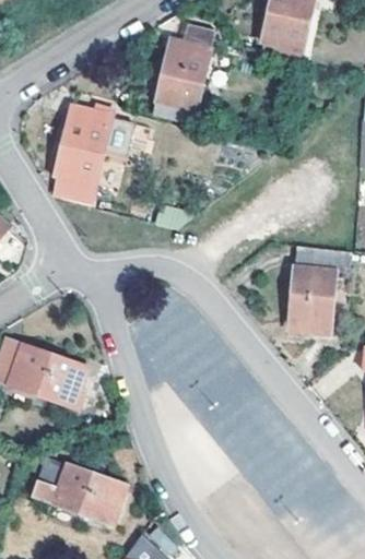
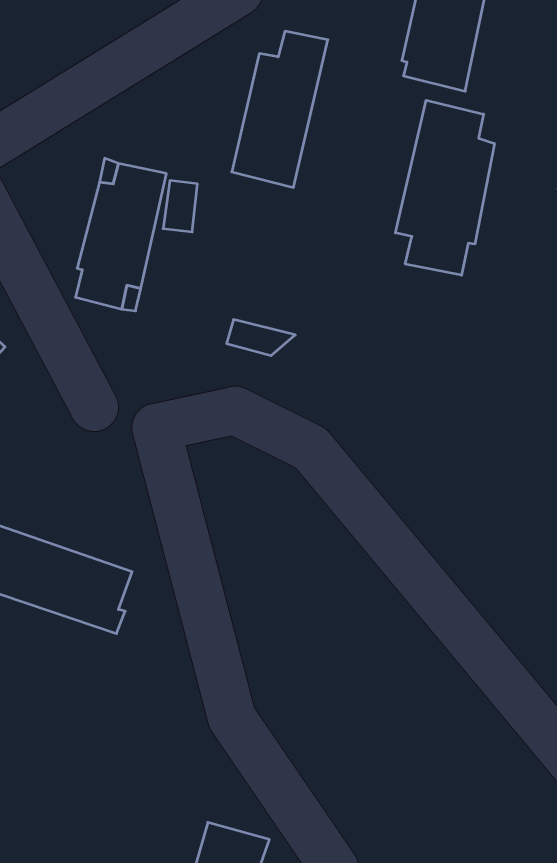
building: none -> [395,100,494,275]
building: [289,248,349,332] -> none
building: [33,457,126,523] -> none

